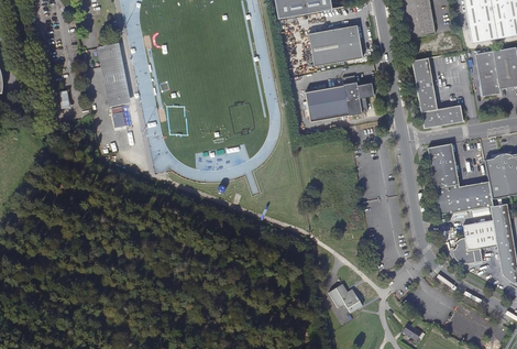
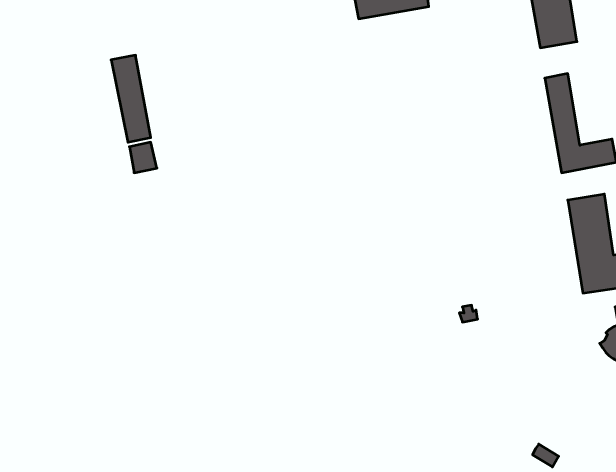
building: [309,24,363,66] -> none
building: [306,80,375,118] -> none
building: [330,286,363,314] -> none

